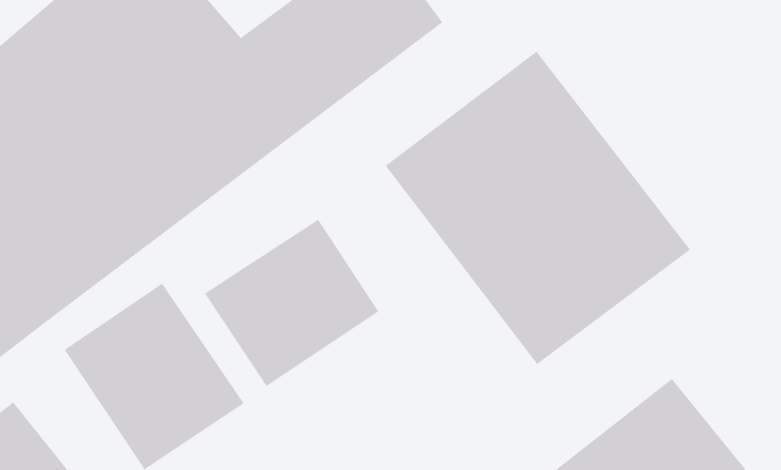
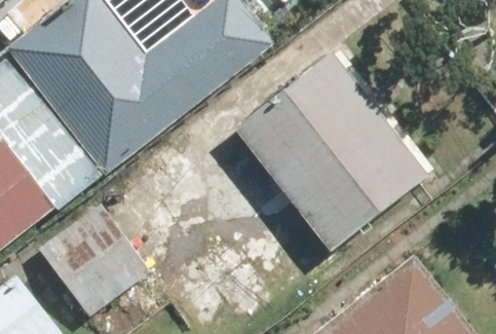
building: [204,219,379,387] -> none

